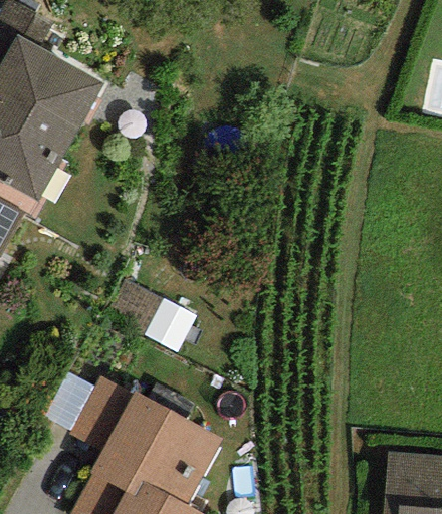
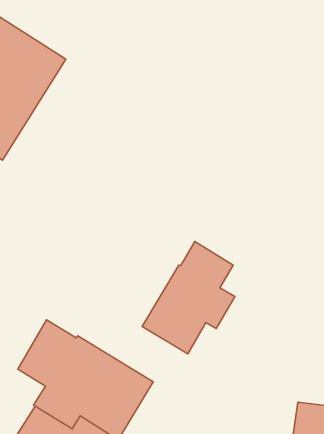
building: none -> [142,241,235,354]

